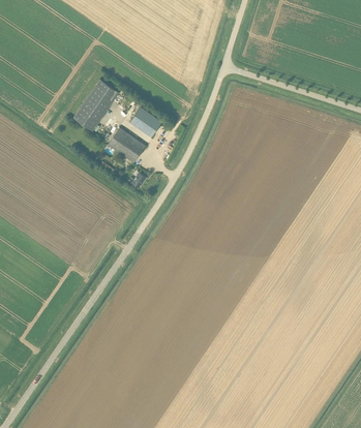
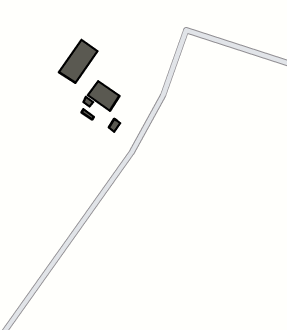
building: [130,106,161,136] -> none

